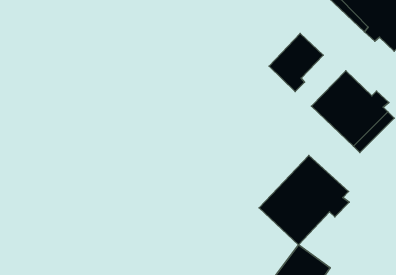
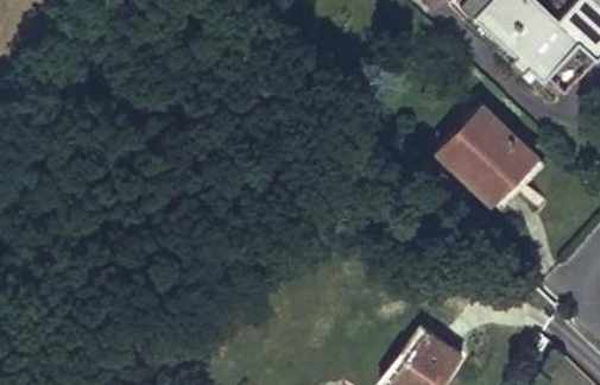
building: [269,34,323,91] -> none
building: [259,156,349,245] -> none

